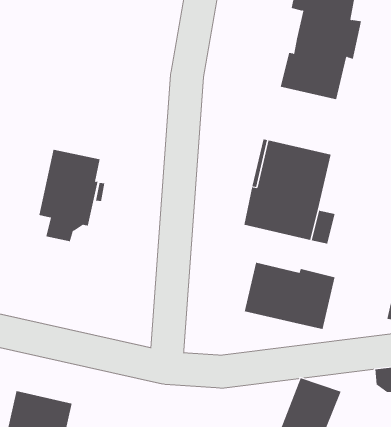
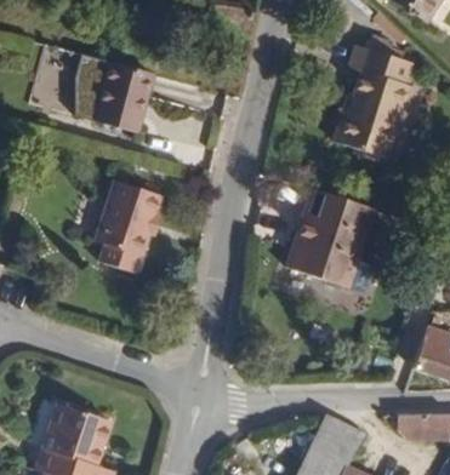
building: none -> [95,62,152,132]
building: [244,262,335,330] -> none

